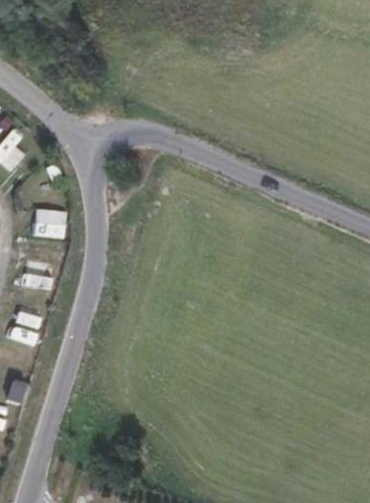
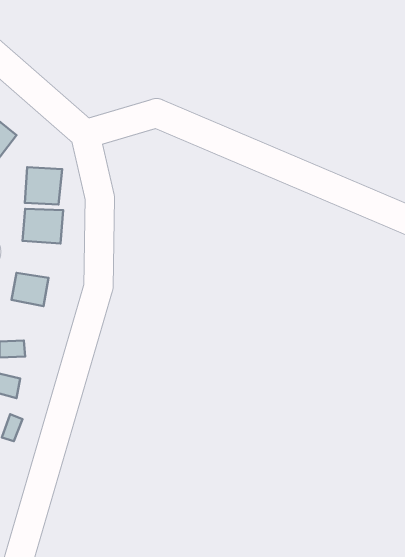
building: none -> [25,167,62,205]

